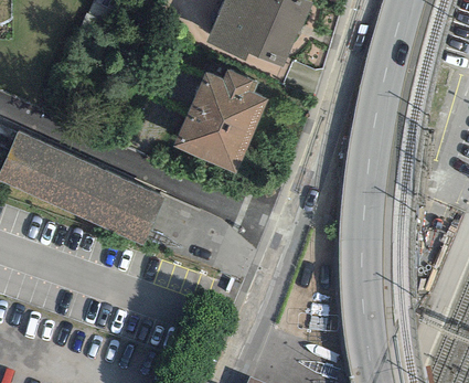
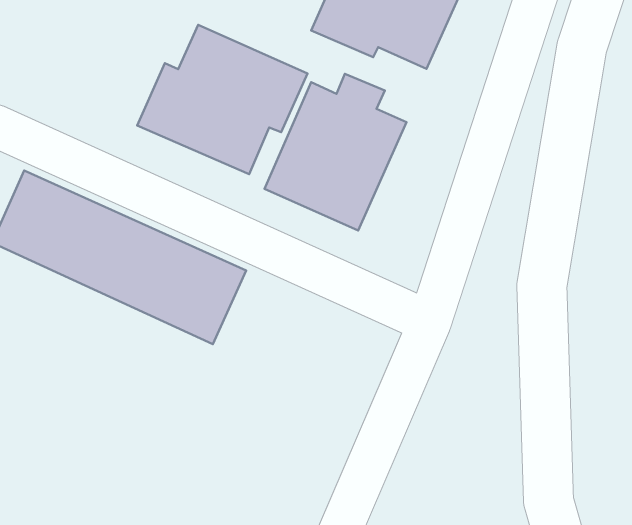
building: none -> [137,25,308,174]

